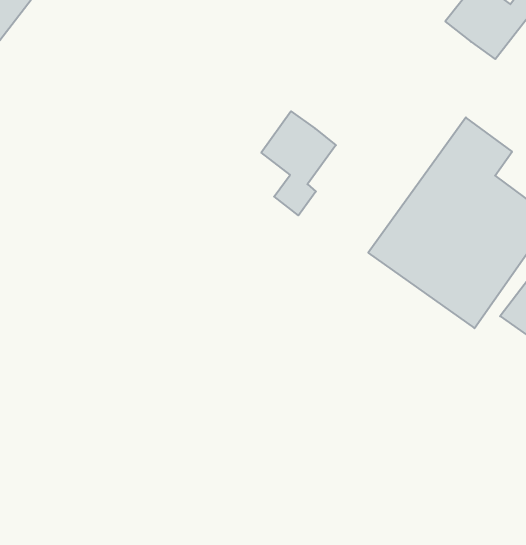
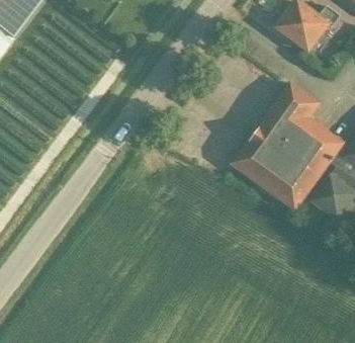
building: [261,111,336,215] -> none

